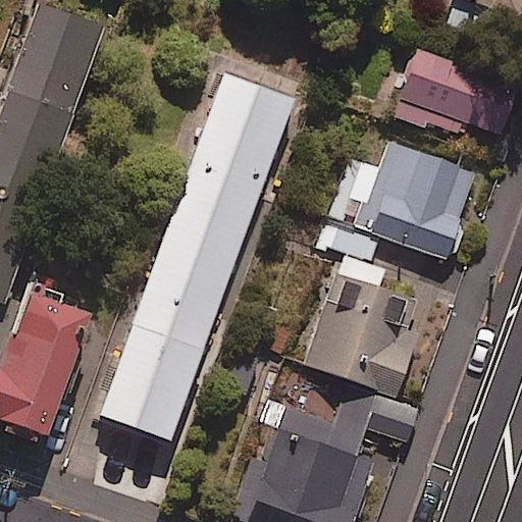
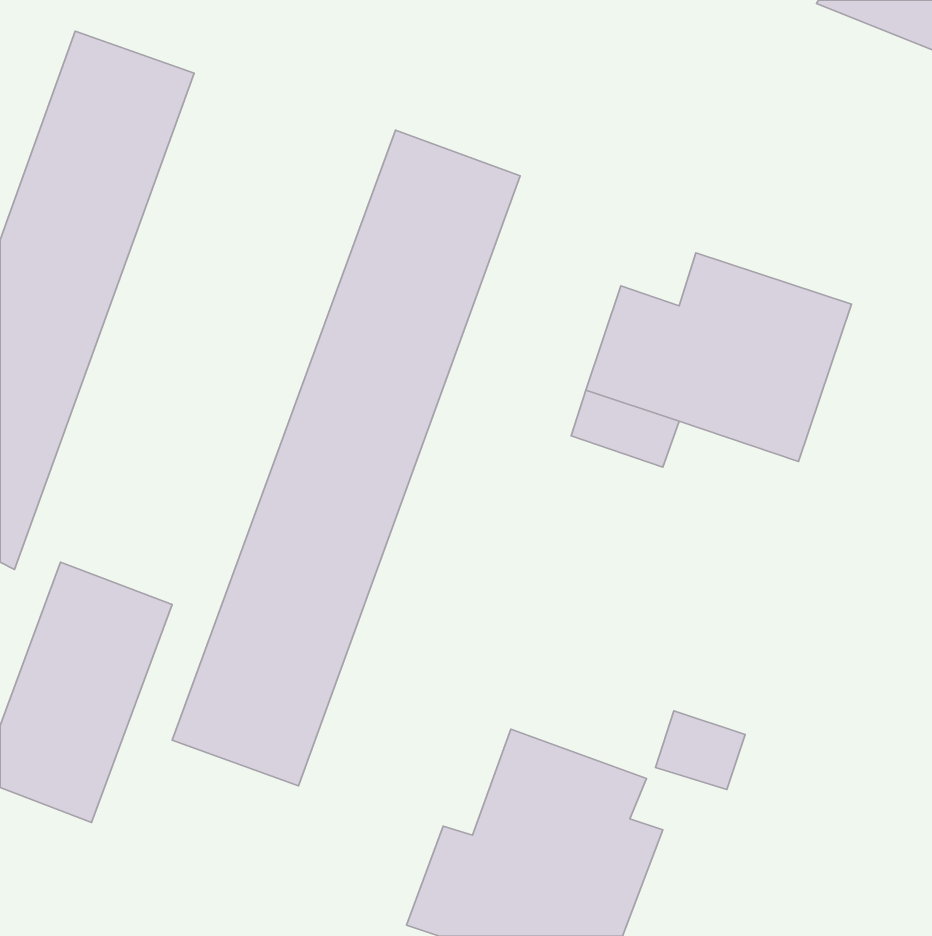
building: [394,48,517,132] -> none
building: [303,271,416,394] -> none

